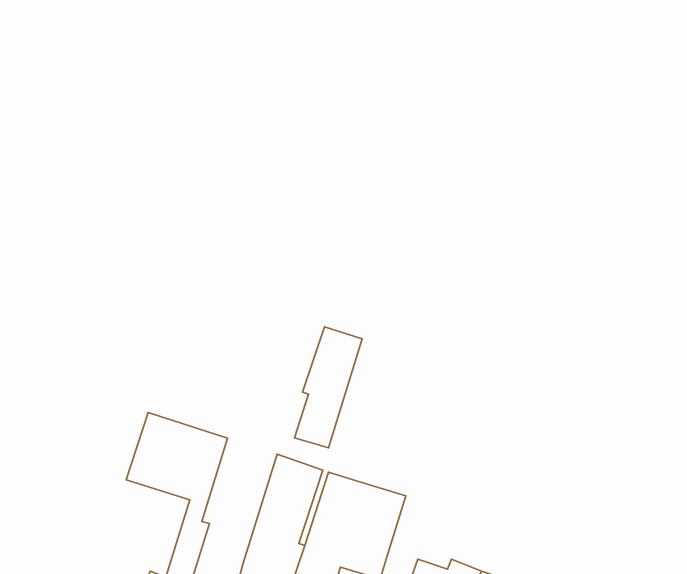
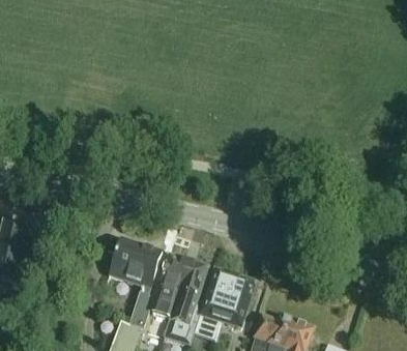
building: [295,327,362,448] -> [152,255,187,318]

